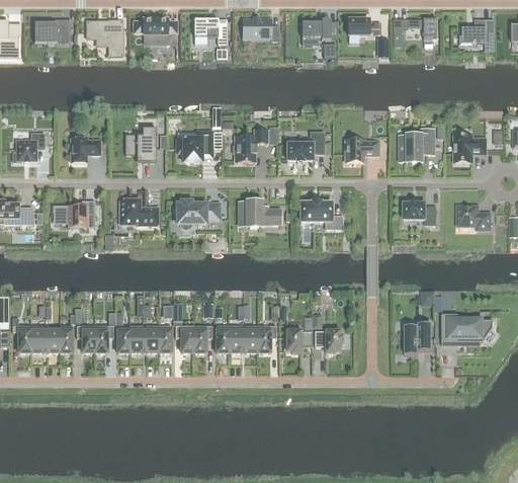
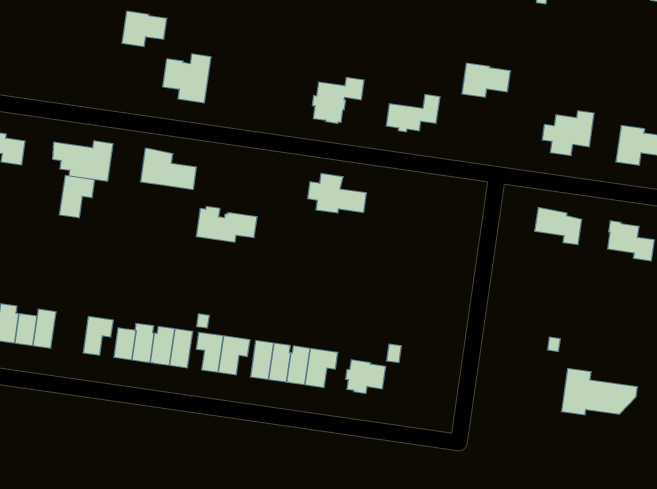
building: [171,128,211,161] -> none
building: [13,132,45,161] -> none
building: [71,138,100,161] -> [122,11,167,46]
building: [346,139,378,161] -> [462,63,511,97]
building: [177,200,219,223] -> [196,207,257,242]
building: [300,200,342,229] -> none
building: none -> [60,175,95,218]
building: [404,322,431,353] -> none
building: [76,325,95,351] -> none
building: [315,330,342,351] -> none

